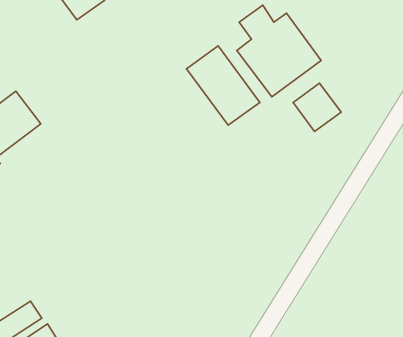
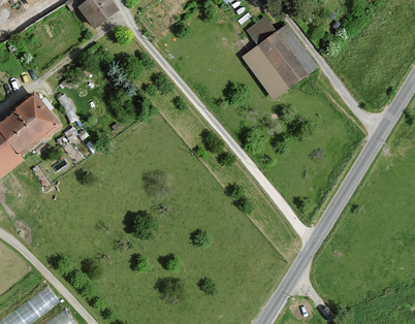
building: [187,46,260,125] -> none
building: [293,83,341,132] -> none

